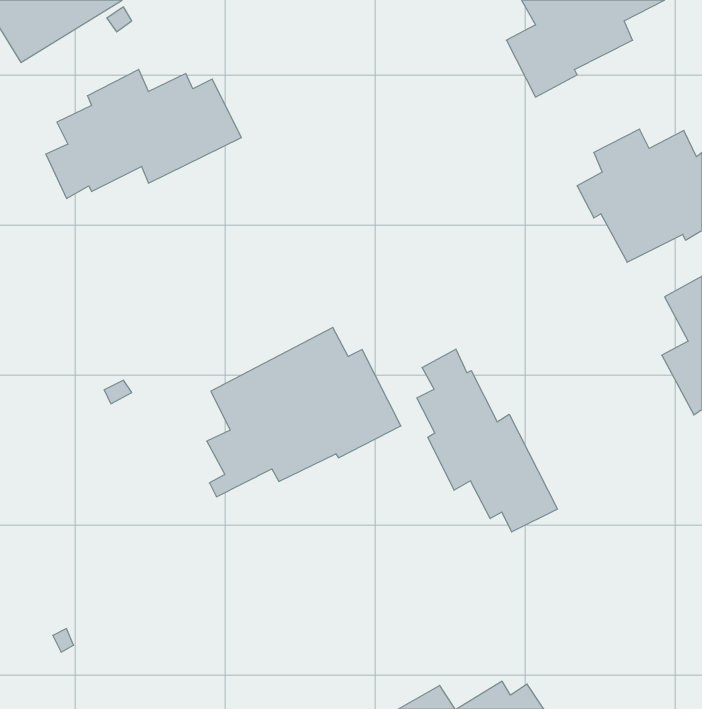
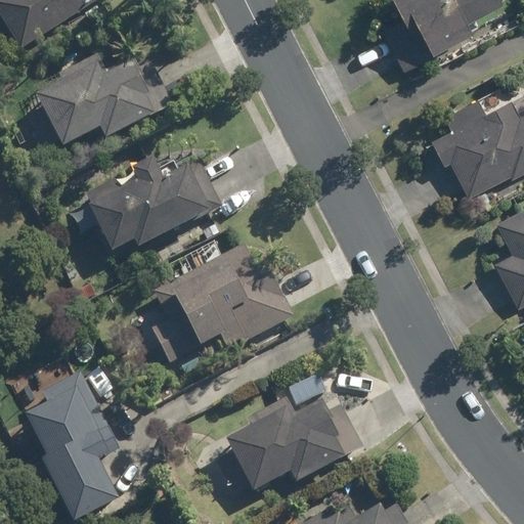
building: none -> [98,151,220,245]
building: [417,349,557,532] -> none
building: none -> [36,367,126,517]
building: none -> [221,395,364,491]

